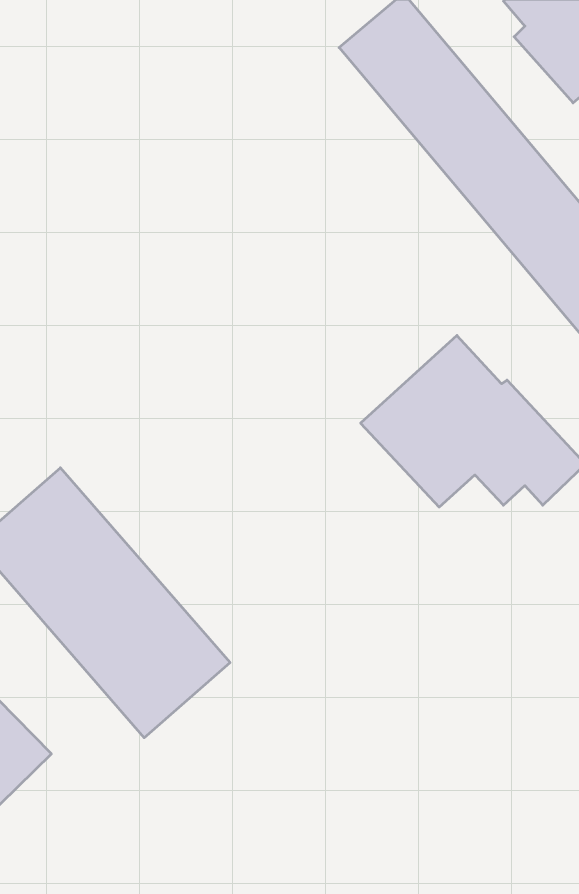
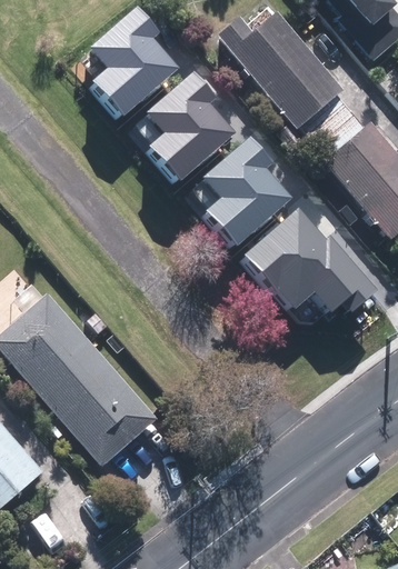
building: none -> [82,7,178,123]
building: none -> [138,72,233,190]
building: none -> [195,138,290,254]

